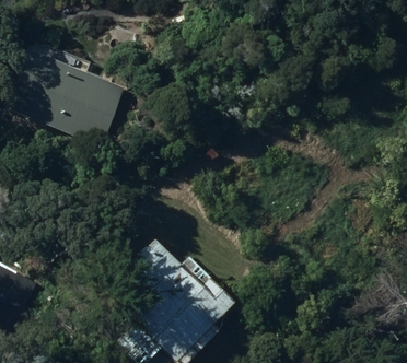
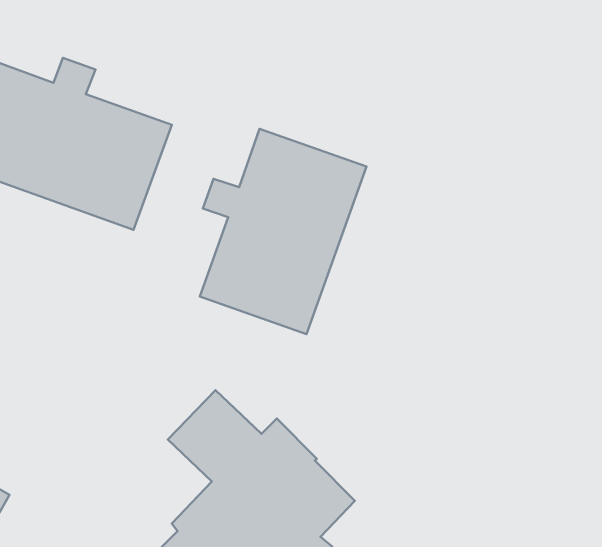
building: none -> [200,129,366,334]

